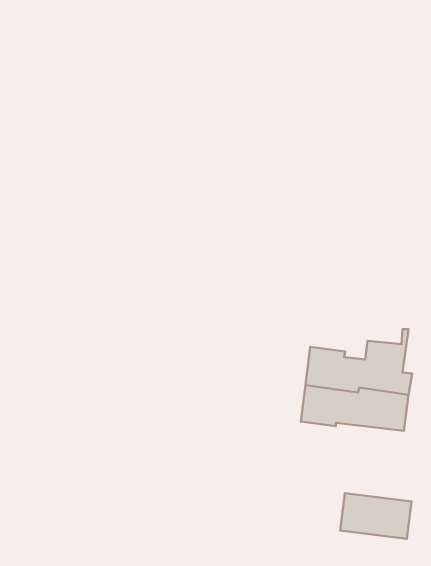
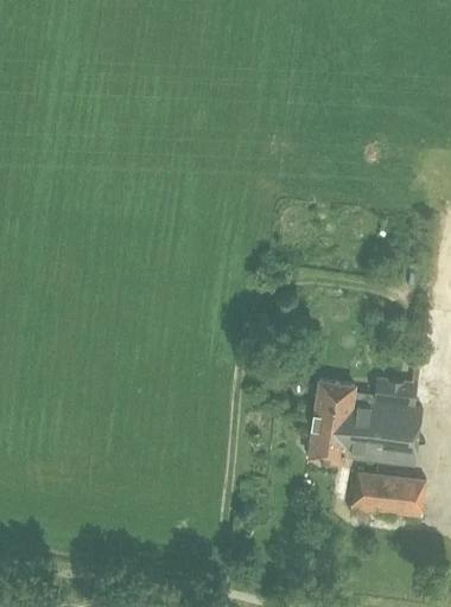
building: [340,493,412,539] -> [352,468,425,515]

